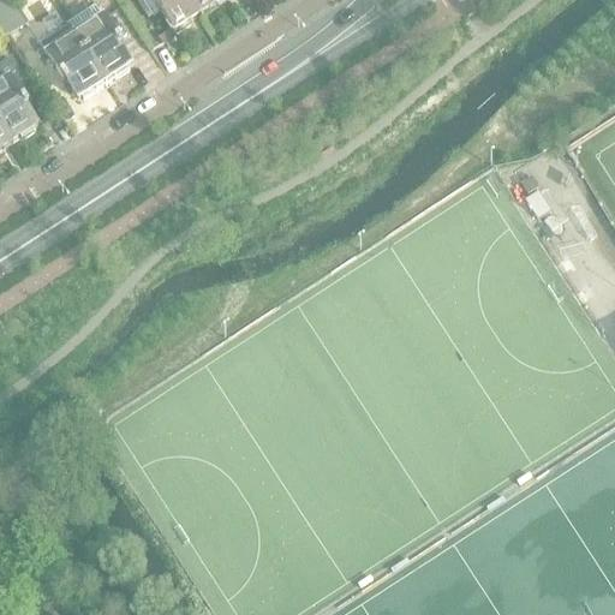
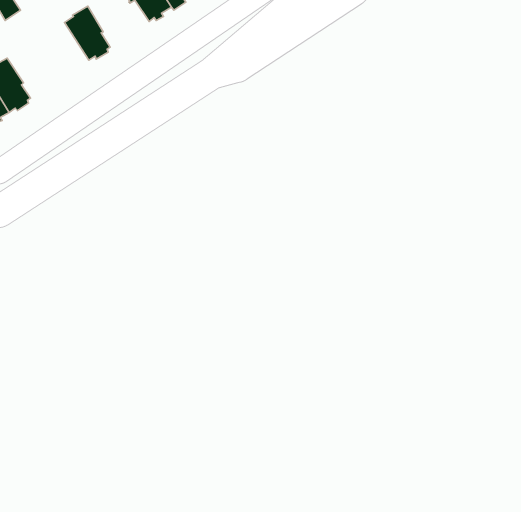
building: [38,16,105,90] -> none

